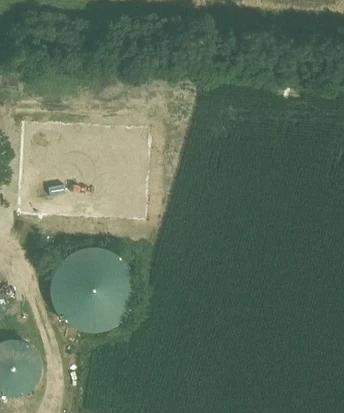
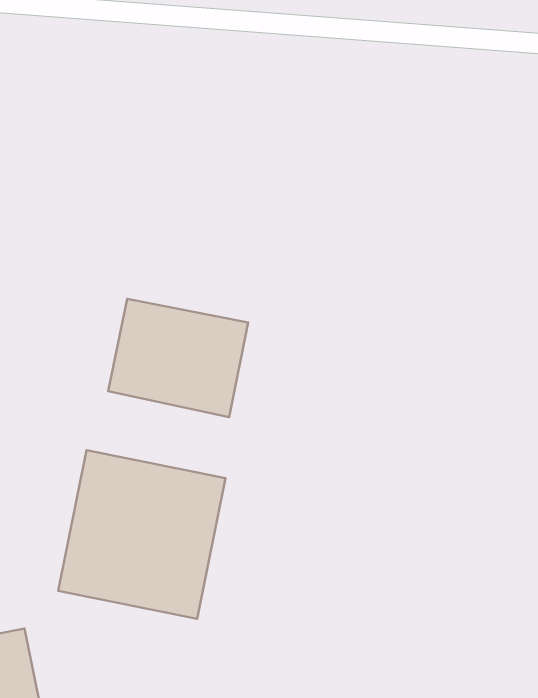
building: none -> [108,299,248,417]

